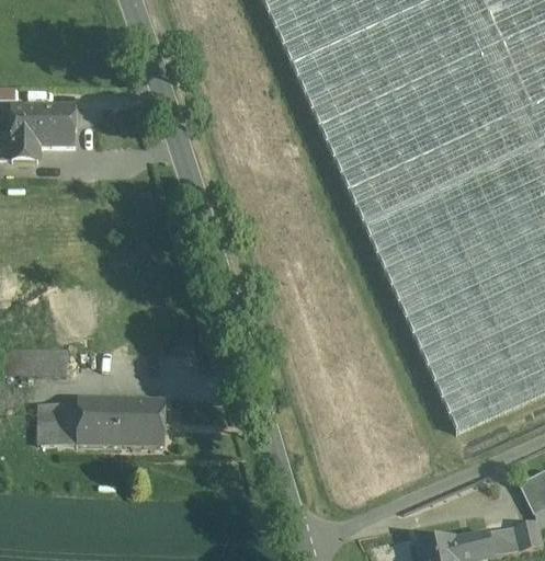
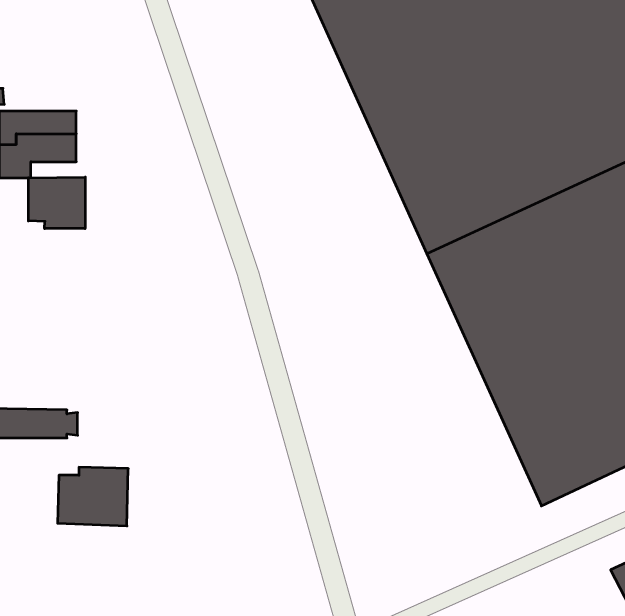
building: none -> [28,177,85,229]
building: [118,399,167,447] -> none
building: [35,403,63,444] -> none

